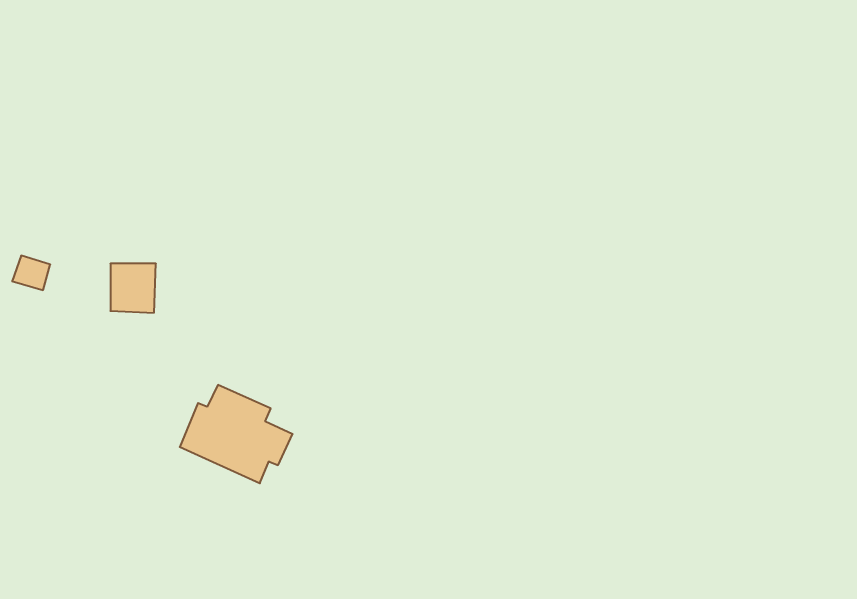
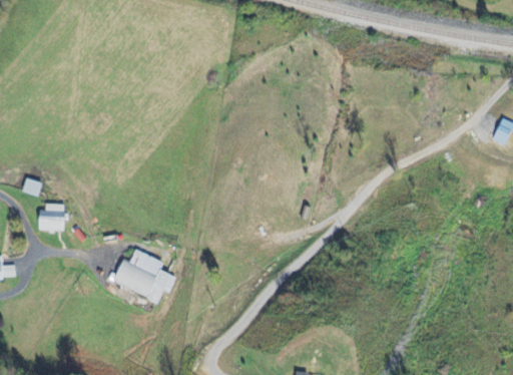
building: [110,264,156,313] -> [40,204,65,231]

